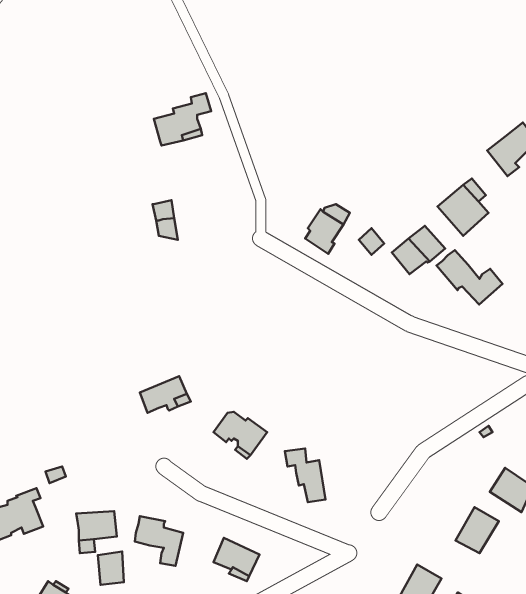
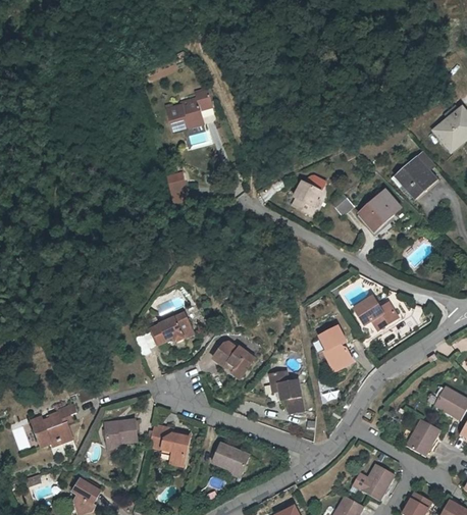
building: [436,250,502,305] -> none
building: none -> [350,296,398,331]
building: none -> [315,325,353,373]
building: [98,551,124,585] -> none

